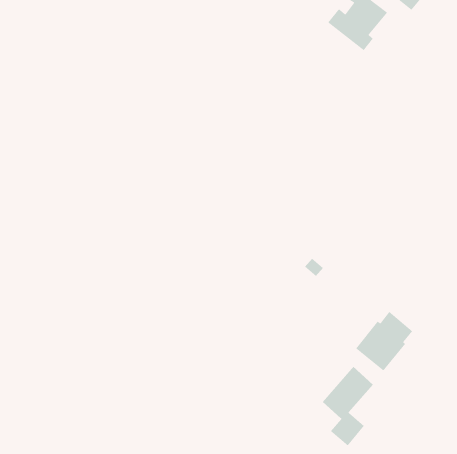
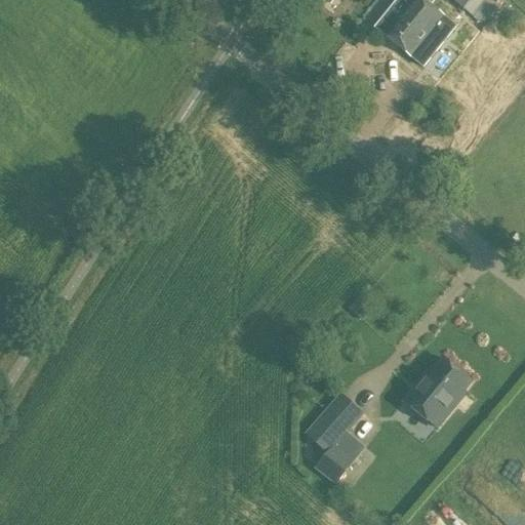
building: [322,366,374,447] -> [306,390,365,482]

